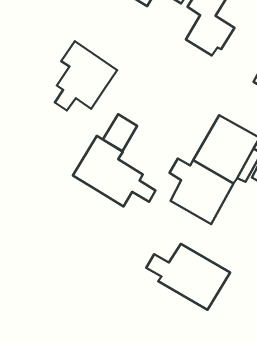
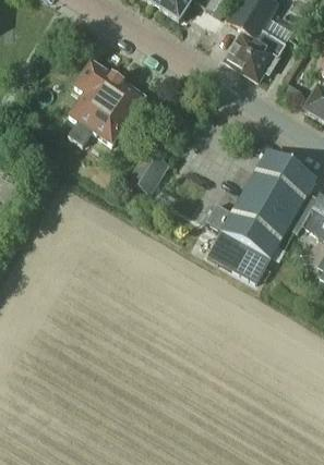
building: [73,136,156,206] -> none
building: [146,244,230,310] -> none

